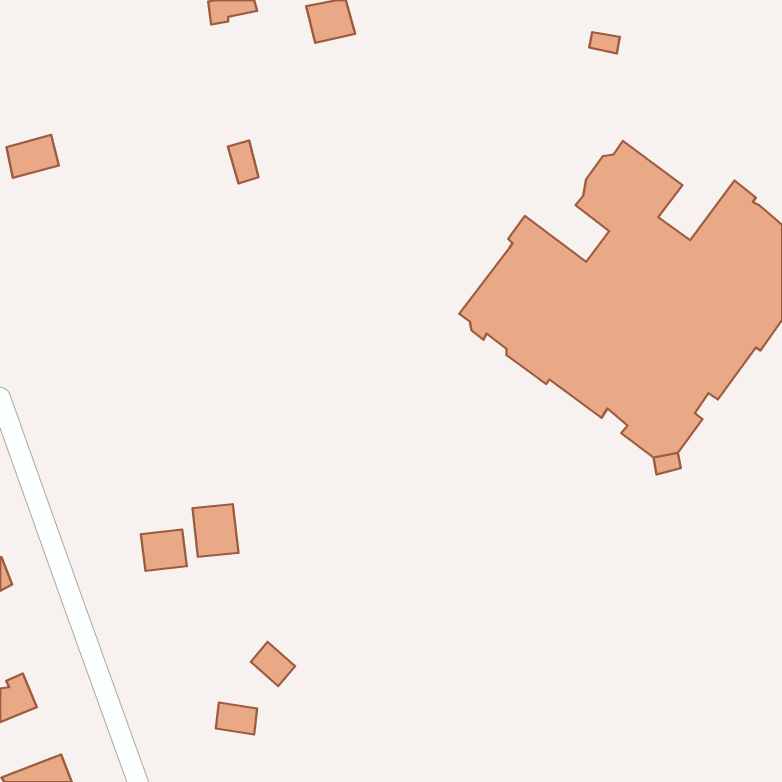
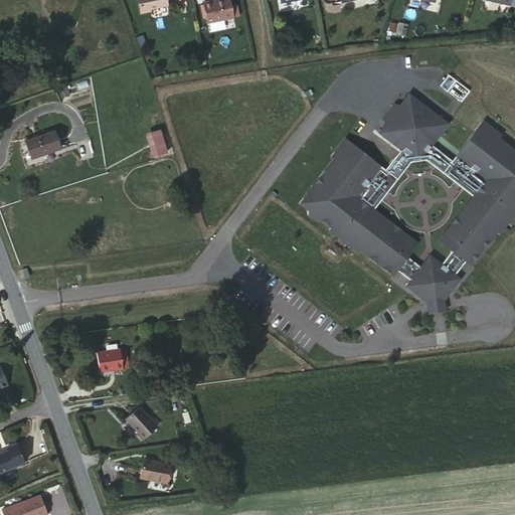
building: [7,135,59,178] -> [24,133,58,161]
building: [228,141,259,183] -> [147,128,167,156]
building: [193,504,238,557] -> none
building: [251,642,295,686] -> [124,408,153,438]

